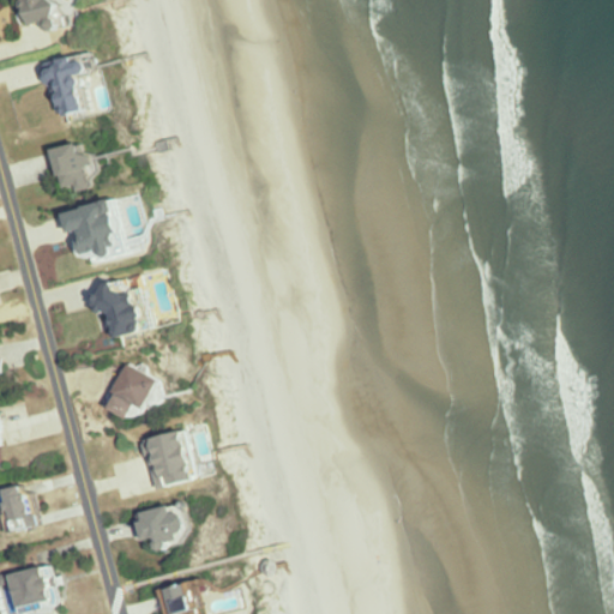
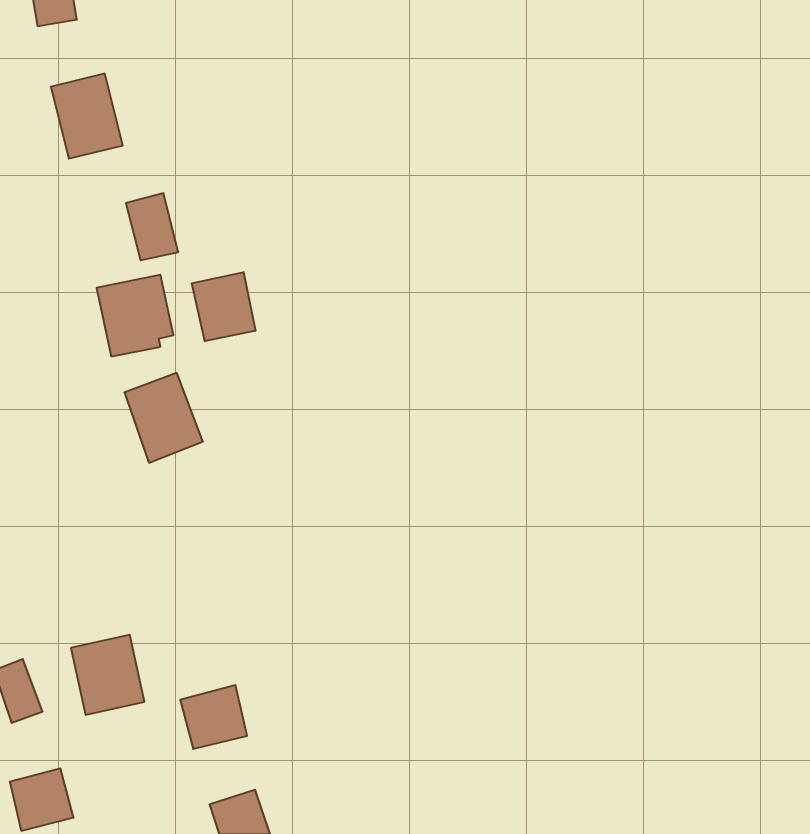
building: [47,142,85,191] -> [126,193,178,260]
building: none -> [192,272,255,341]
building: [98,365,148,419] -> none
building: [138,429,192,488] -> [71,635,144,715]

